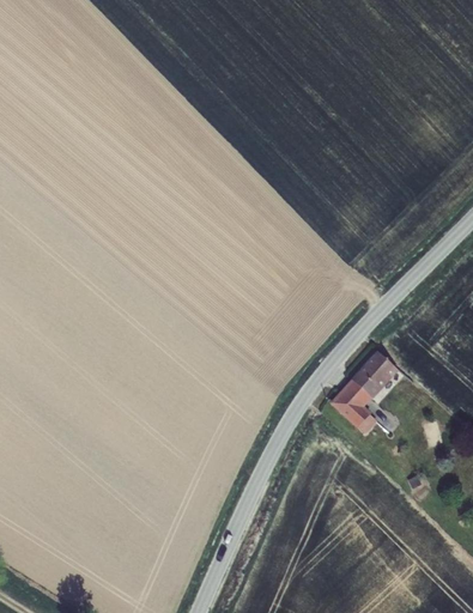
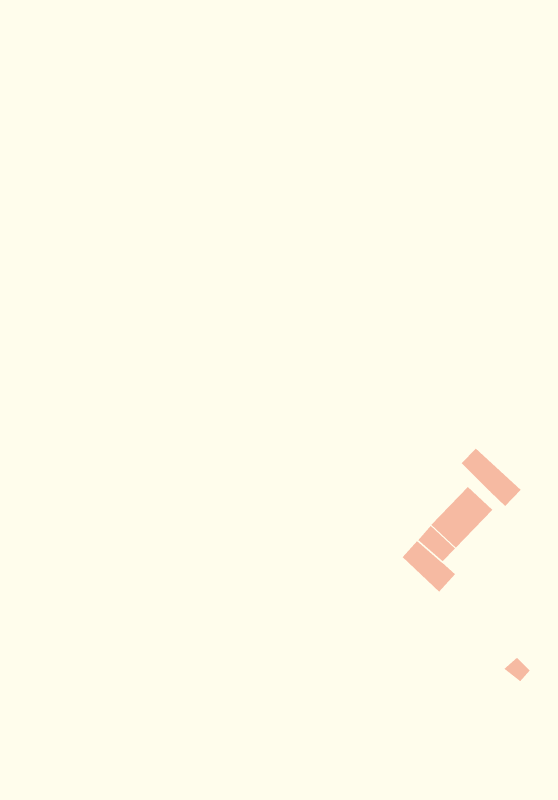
building: none -> [461,448,521,507]

